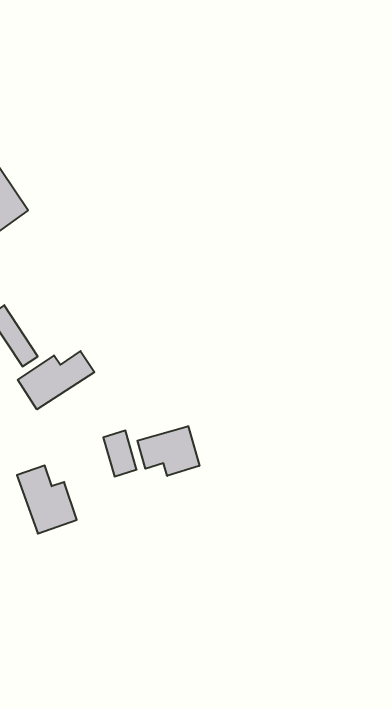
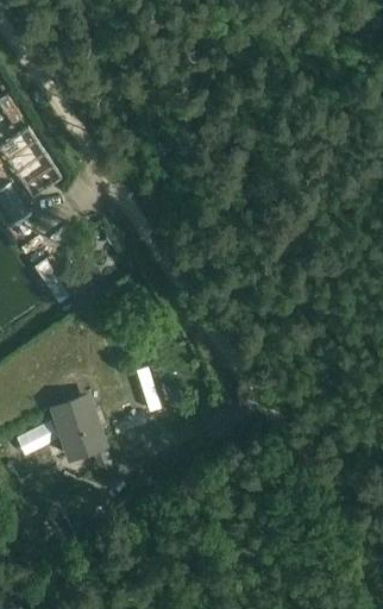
building: [18,351,94,409] -> none
building: [137,426,199,476] -> none

